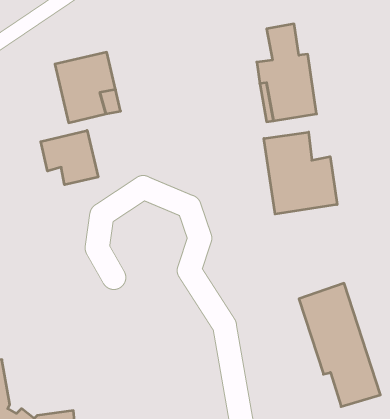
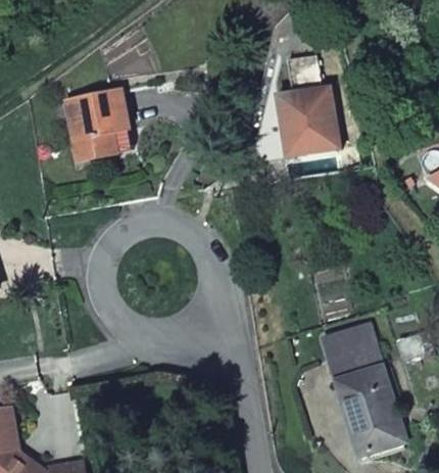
building: [41,130,98,185] -> none
building: [264,132,337,214] -> none

